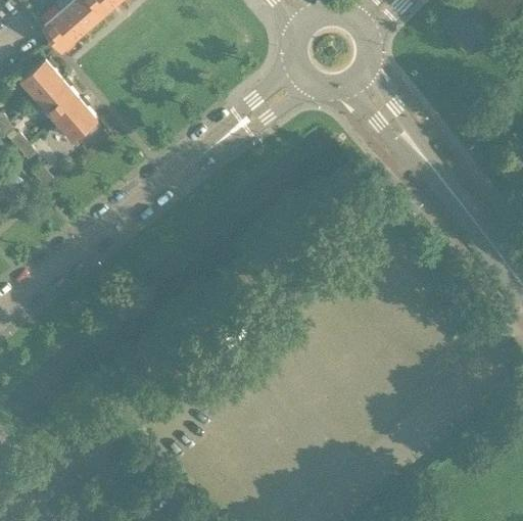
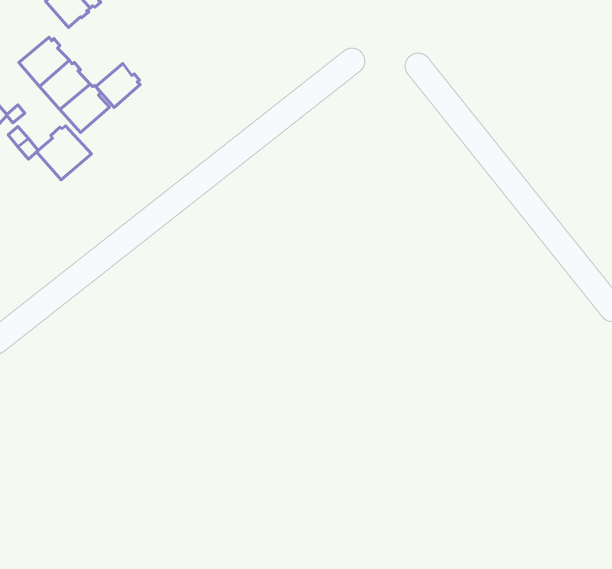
building: none -> [96,64,140,107]
building: none -> [37,126,91,180]

